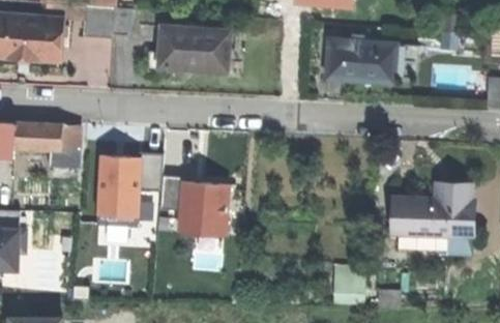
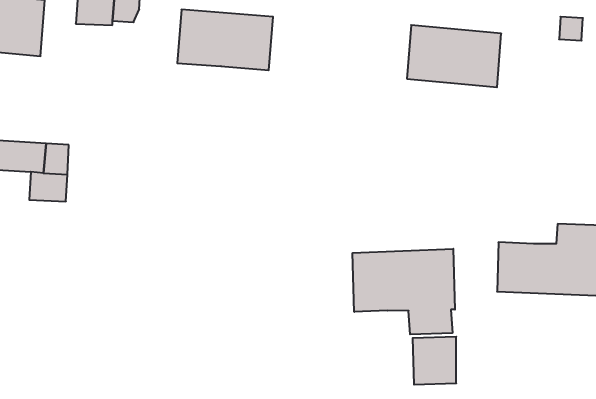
building: [92,153,158,218] -> none
building: [173,179,226,235] -> none
building: none -> [353,249,455,334]

